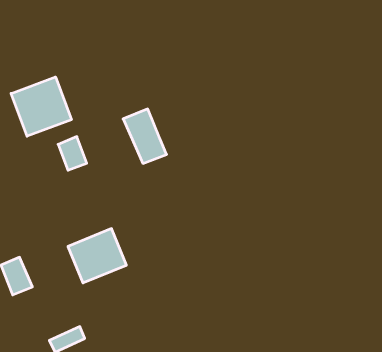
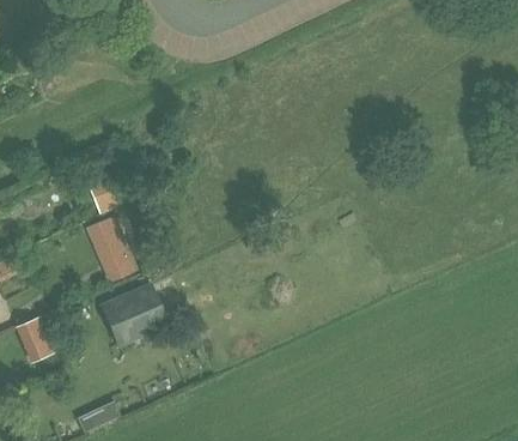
building: [11,77,71,136] -> none
building: [123,109,167,163] -> [85,213,138,279]

